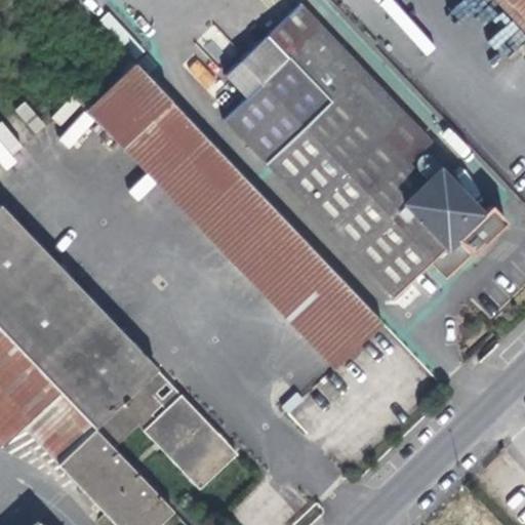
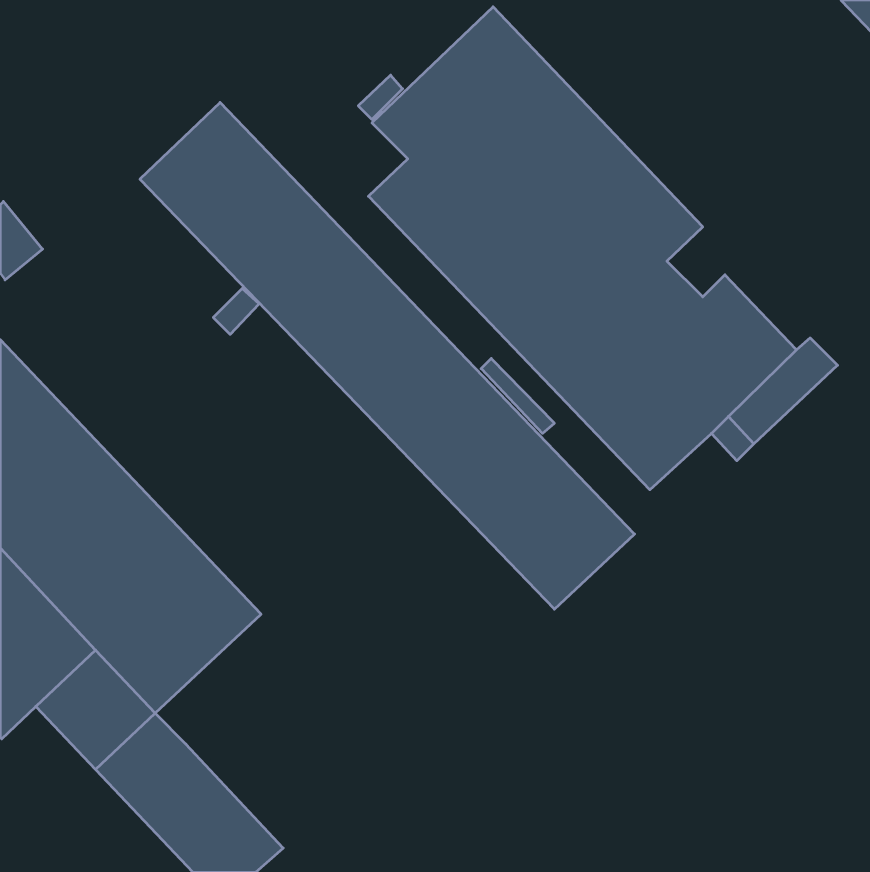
building: [94,369,167,447] -> none
building: [143,394,237,487] -> none

